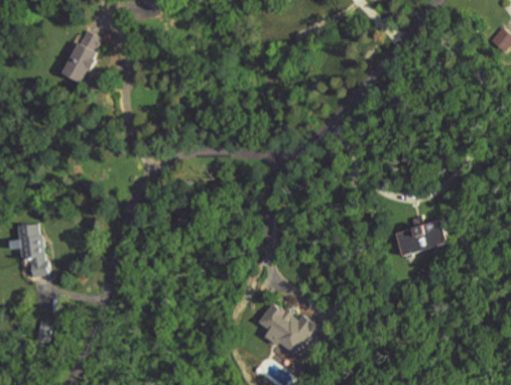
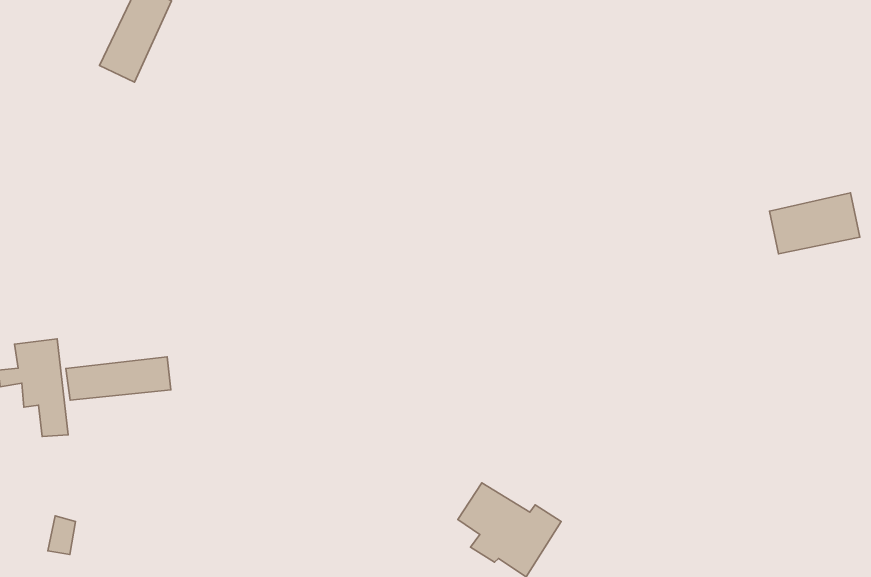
building: [399,221,449,254] -> [769,193,860,254]
building: none -> [66,357,171,400]

